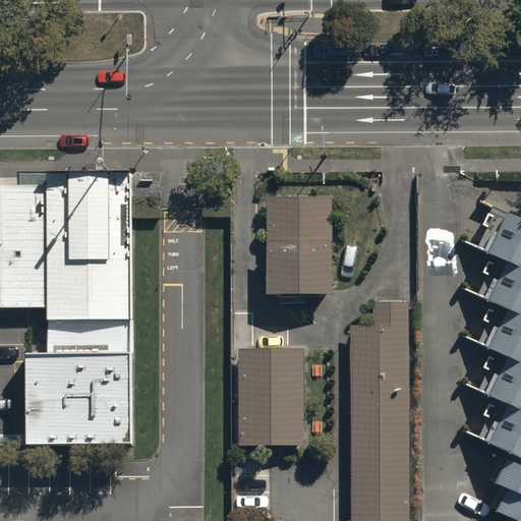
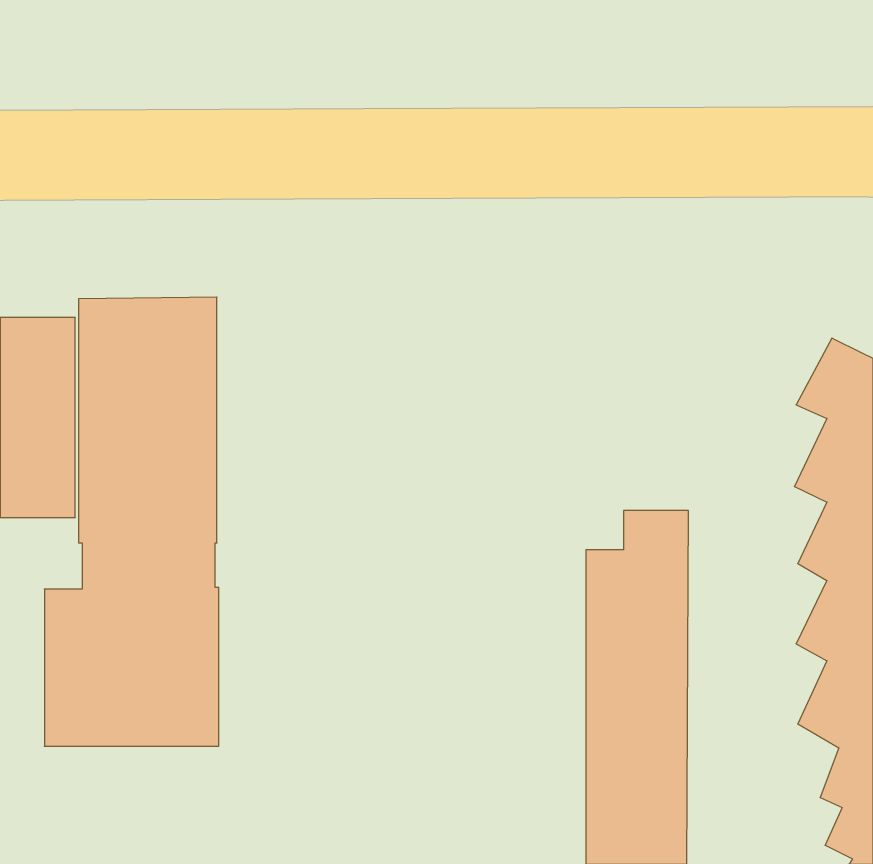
building: [263,200,329,297] -> none
building: [237,350,299,445] -> none

